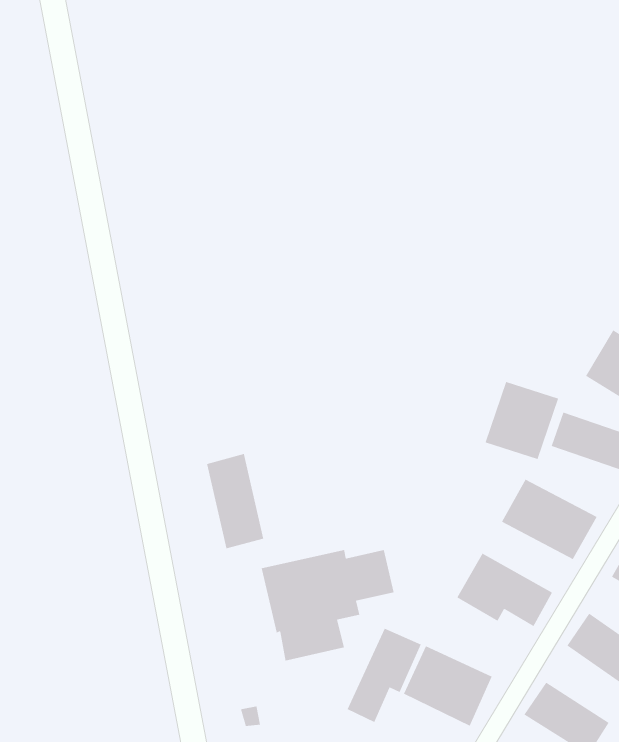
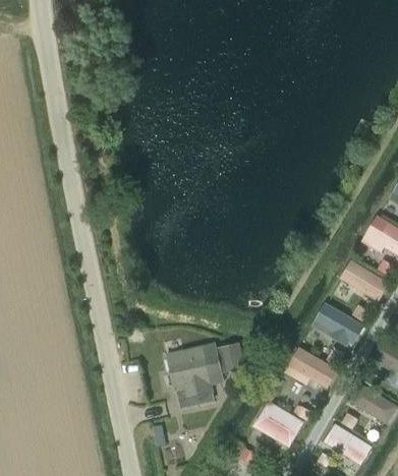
building: [485,381,559,460] -> none
building: [206,453,264,549] -> none
building: [347,628,421,723] -> none

